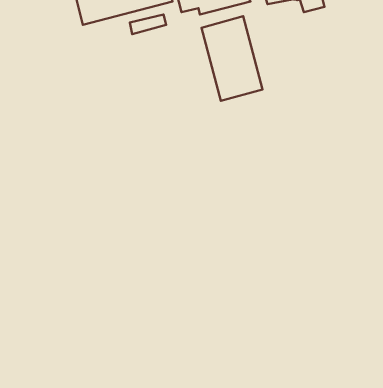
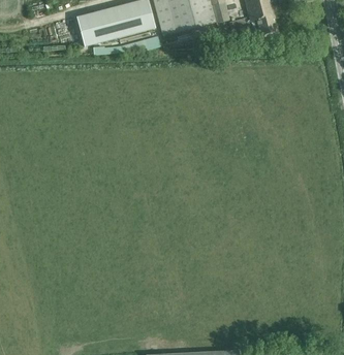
building: [201,16,263,101] -> none

